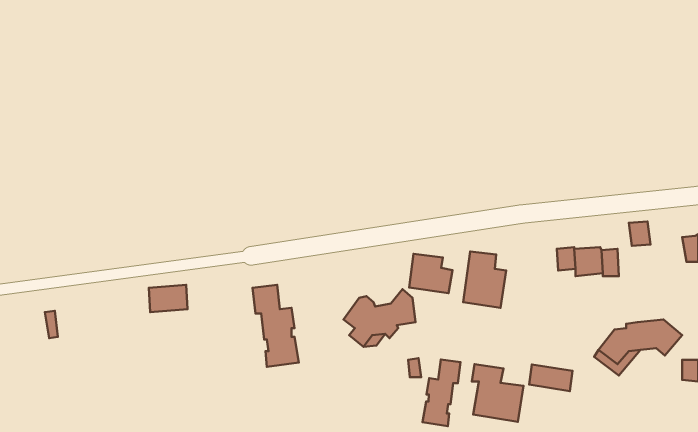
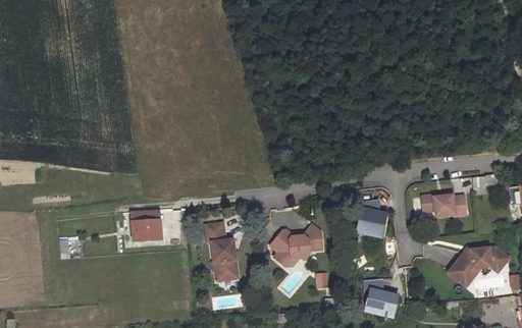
building: [409,254,452,293] -> none
building: [422,360,461,426] -> none
building: [529,365,572,391] -> none

